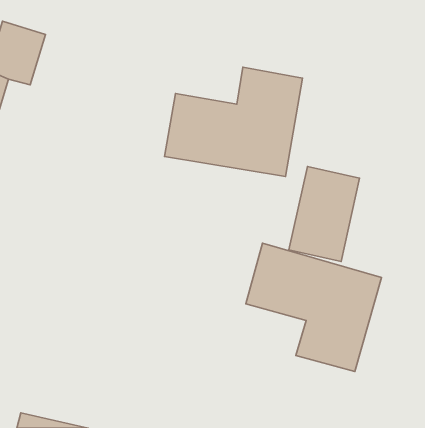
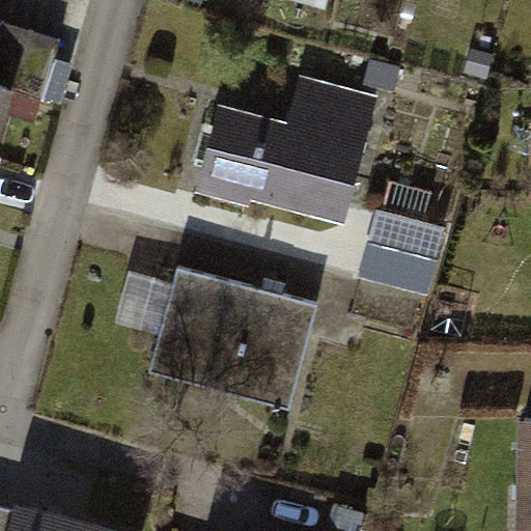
building: none -> [150,267,312,407]
building: [246,243,381,372] -> none

